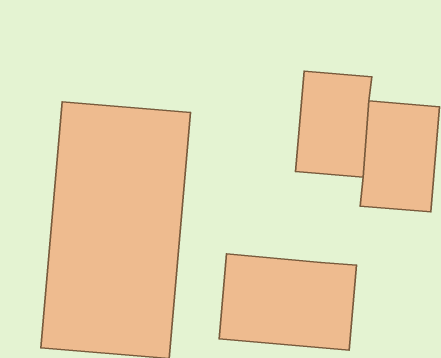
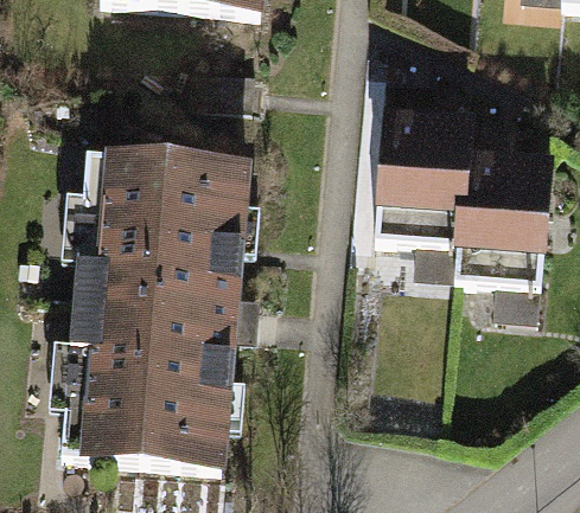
building: [219,254,357,350] -> none

